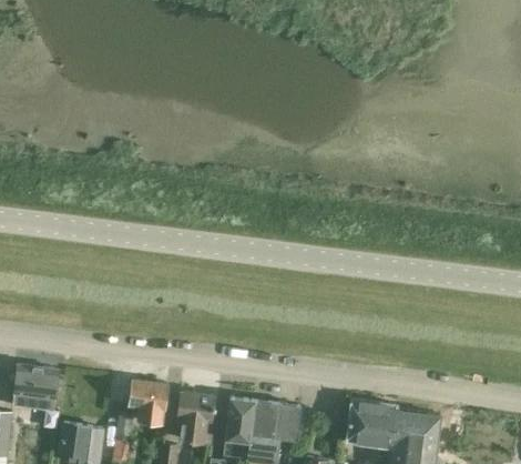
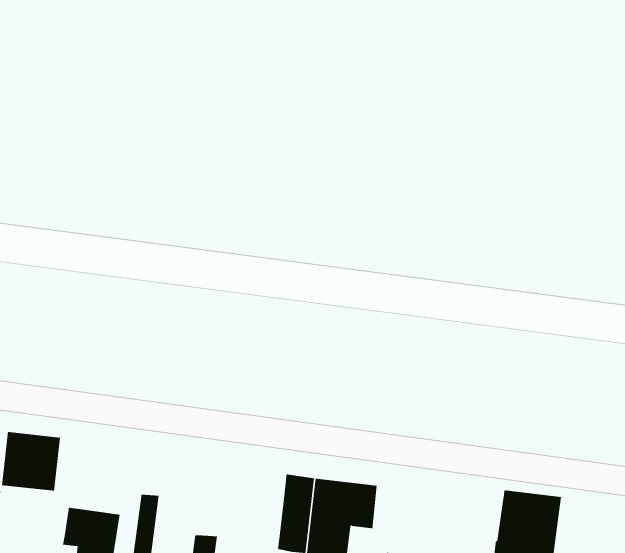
building: [130,380,168,424] -> none
building: [177,392,215,443] -> none
building: [346,400,397,448] -> none

